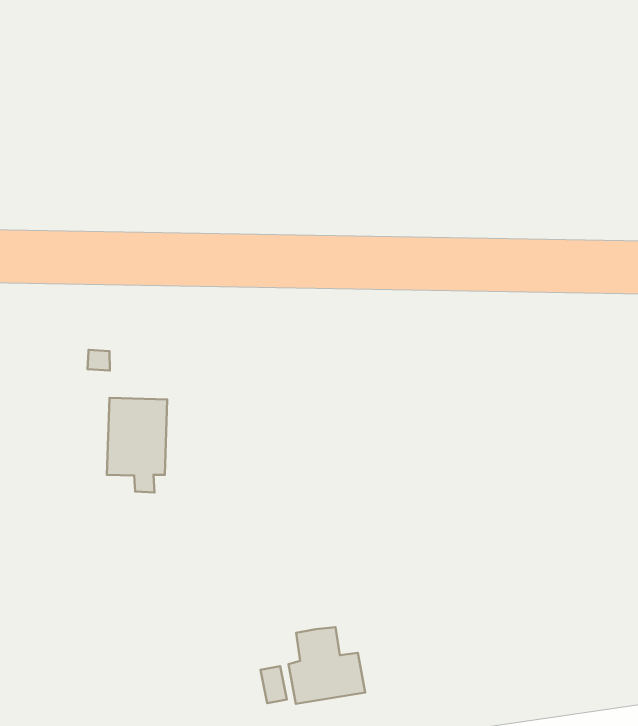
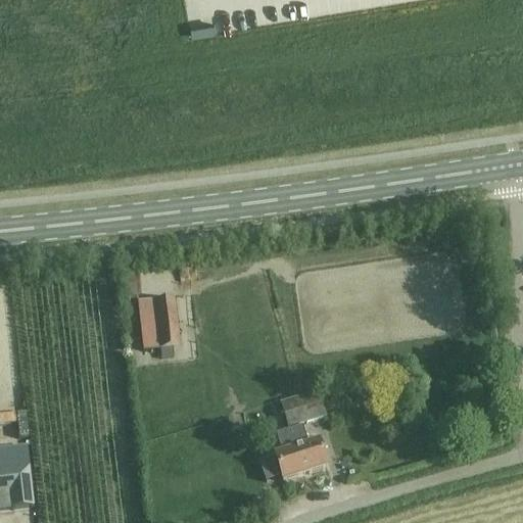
building: none -> [281,389,325,424]

